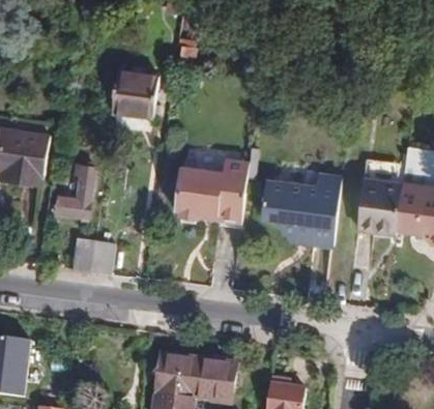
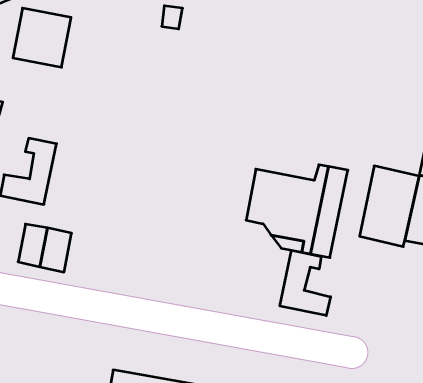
building: [112,69,158,117] -> [13,8,71,67]
building: [174,156,250,222] -> none
building: none -> [280,250,331,316]

